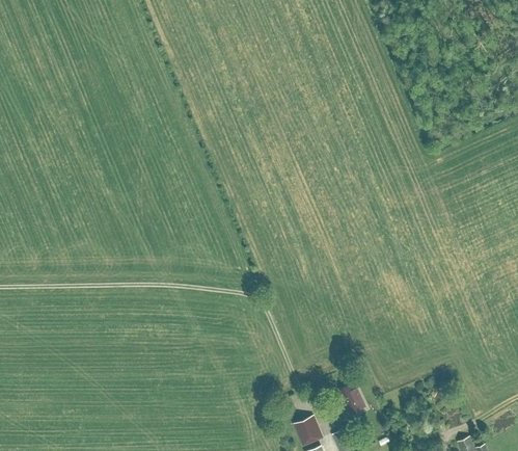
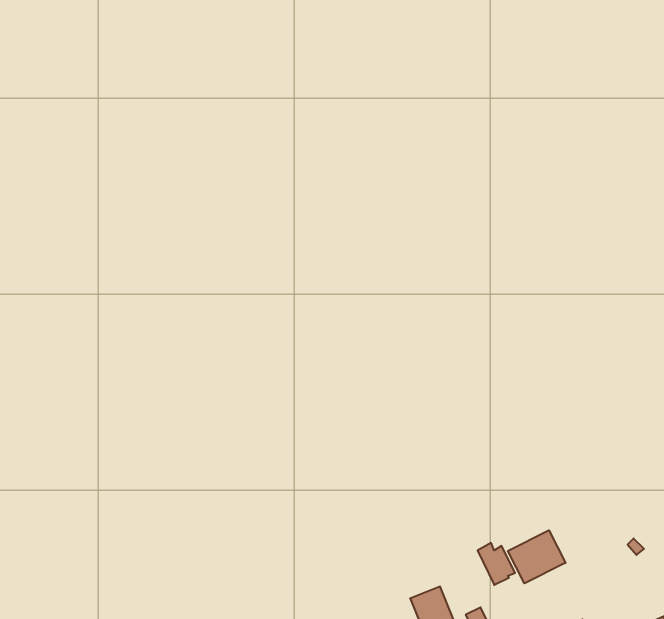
building: none -> [508,530,566,583]

